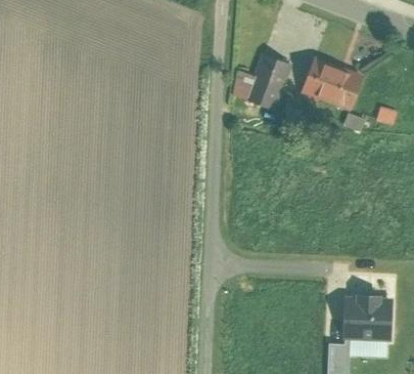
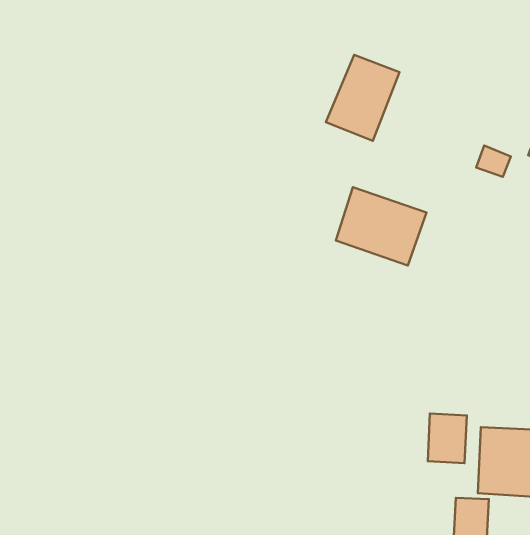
building: [302,59,361,111] -> [336,187,427,266]
building: none -> [428,414,467,463]

